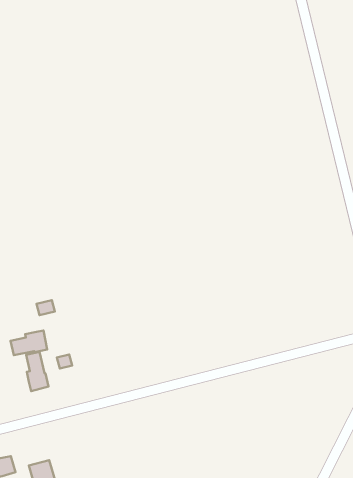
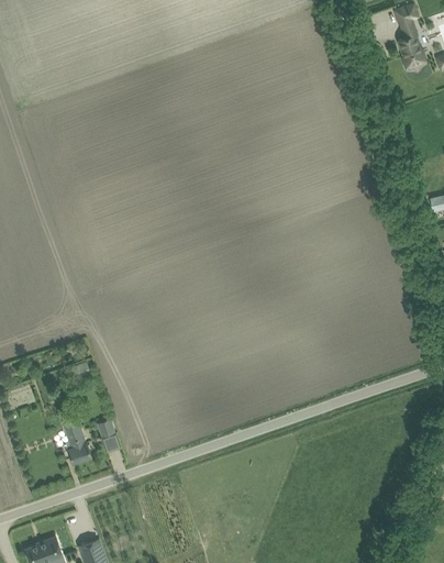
building: [11,330,47,355] -> none

